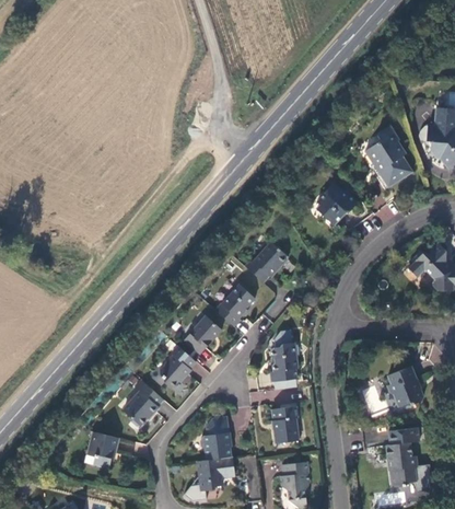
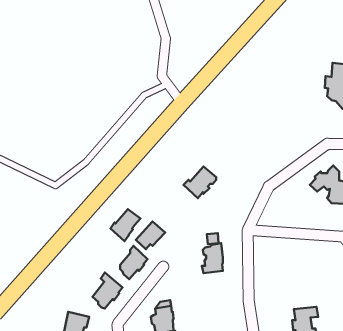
building: [365,125,412,186] -> none
building: [317,182,357,223] -> none
building: [214,287,254,328] -> [110,209,141,241]
building: [387,366,422,405] -> none
building: [271,404,298,443] -> none

